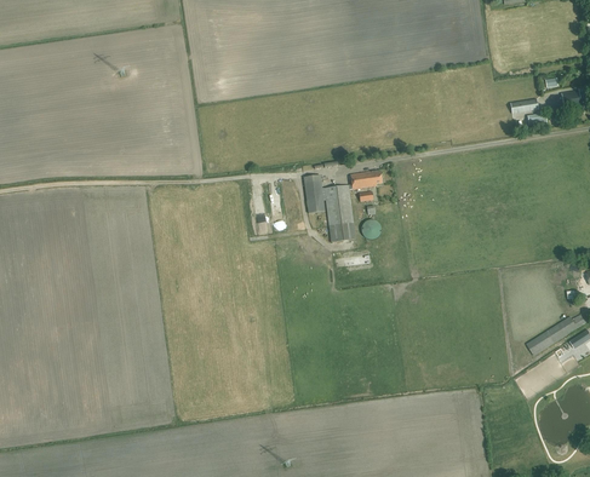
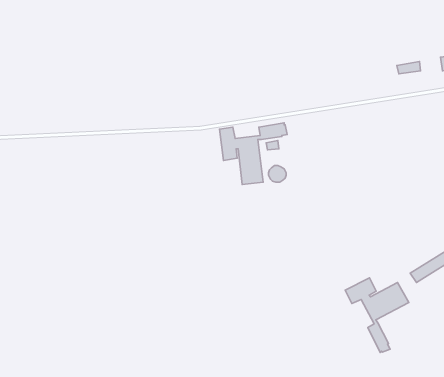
building: none -> [345,278,409,352]

